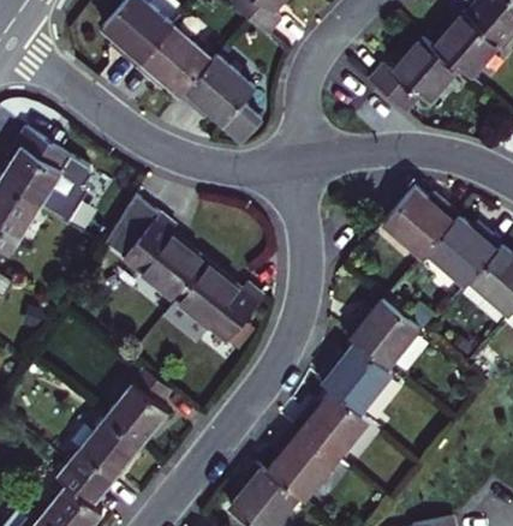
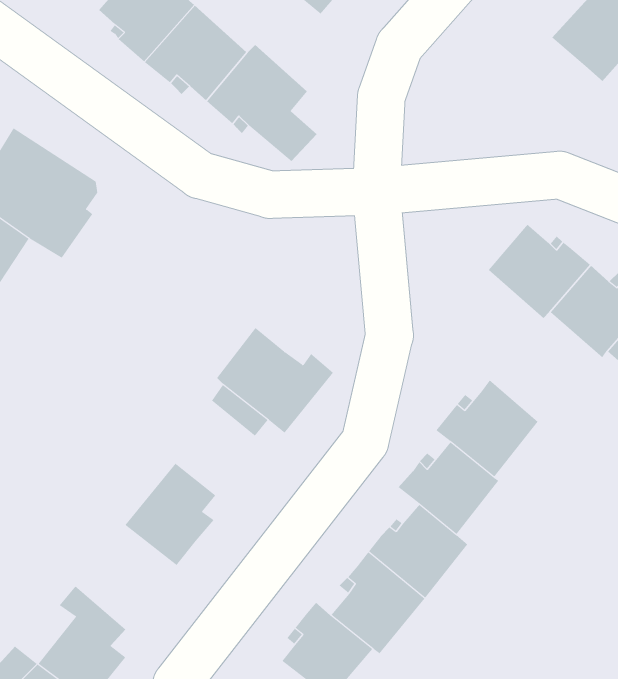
building: [364,42,454,115] -> none
building: [108,191,210,301] -> none
building: [78,410,153,486] -> none

